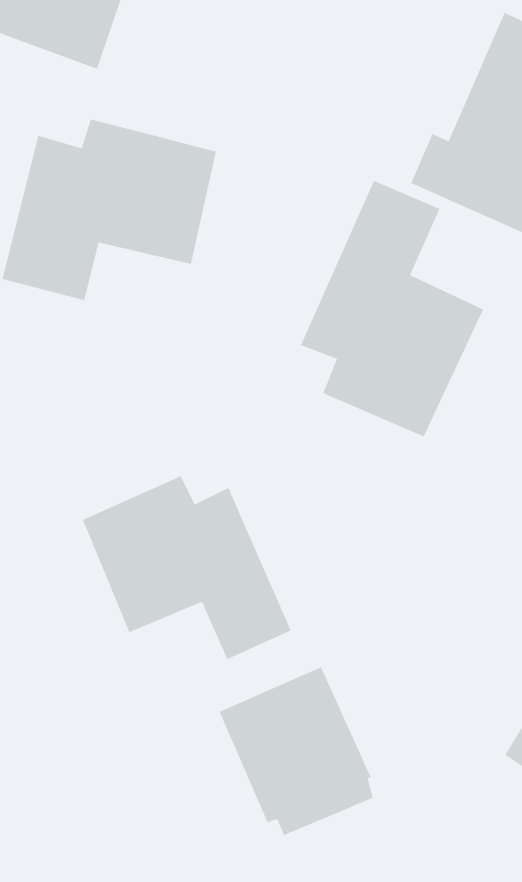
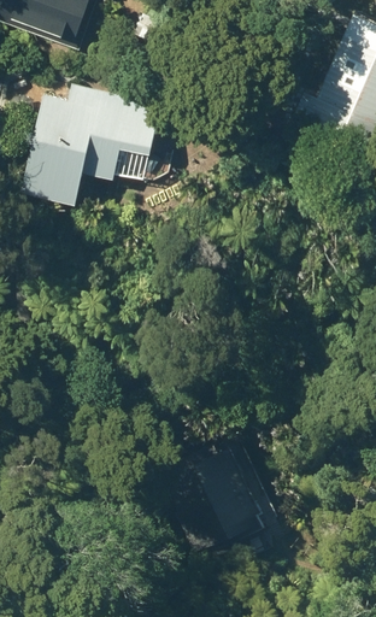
building: [300,180,484,438] -> none
building: [82,475,292,660] -> none

